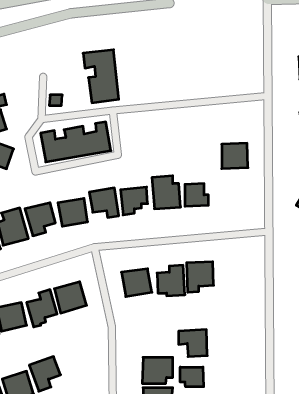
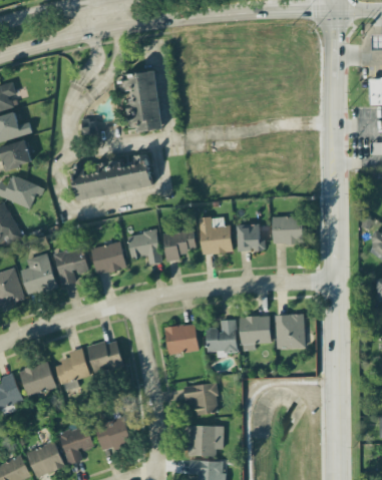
building: [222,143,248,169] -> [273,215,303,245]
building: none -> [275,314,305,349]
building: [179,330,207,357] -> [184,384,218,415]
building: none -> [95,416,131,451]
building: [180,367,204,387] -> none

